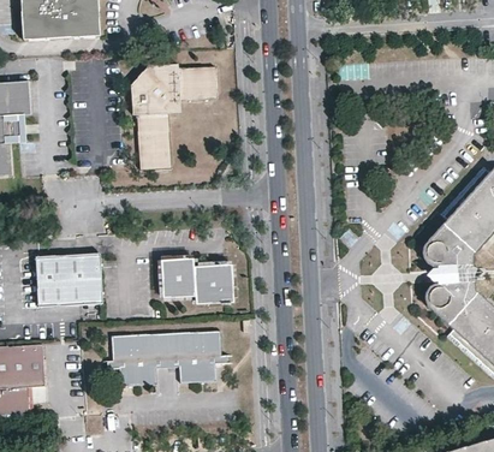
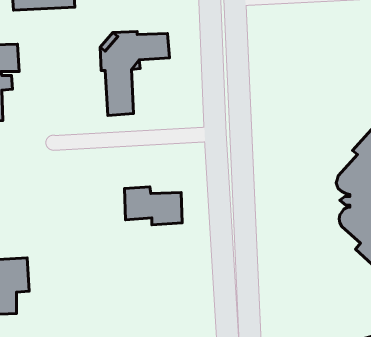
building: [36,252,102,304] -> none
building: [107,331,227,386] -> none

